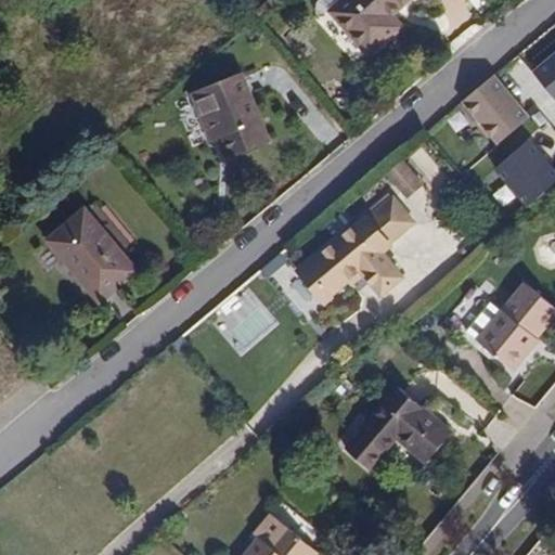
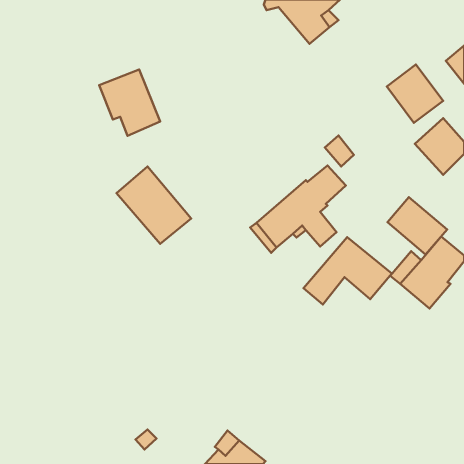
building: [194,75,267,154] -> [99,70,160,136]
building: [48,208,137,300] -> [116,167,191,244]
building: none -> [387,197,447,255]
building: [347,387,452,467] -> [304,237,392,305]

